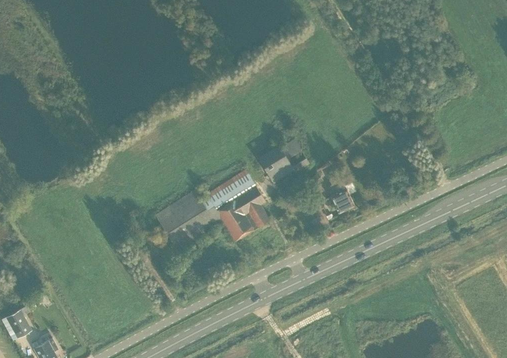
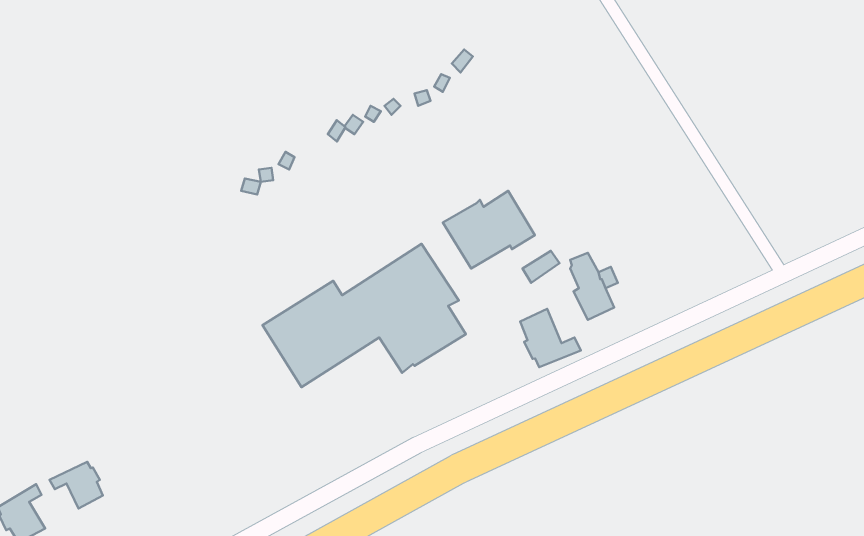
building: none -> [520,309,581,367]
building: none -> [50,462,103,508]

